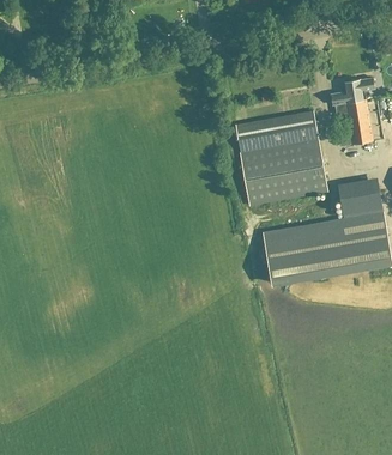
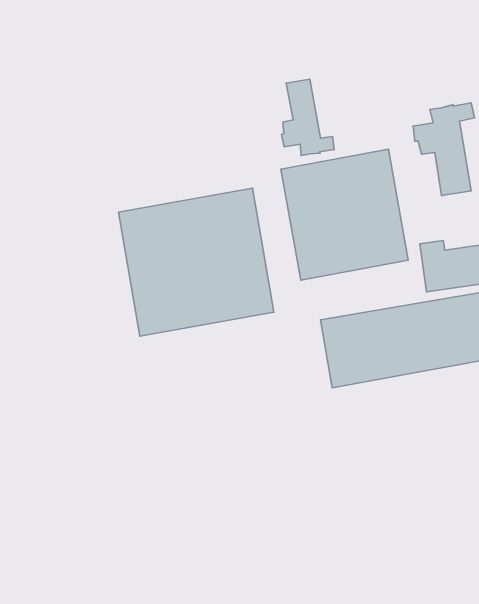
building: none -> [281,79,334,156]
building: none -> [118,188,274,336]

